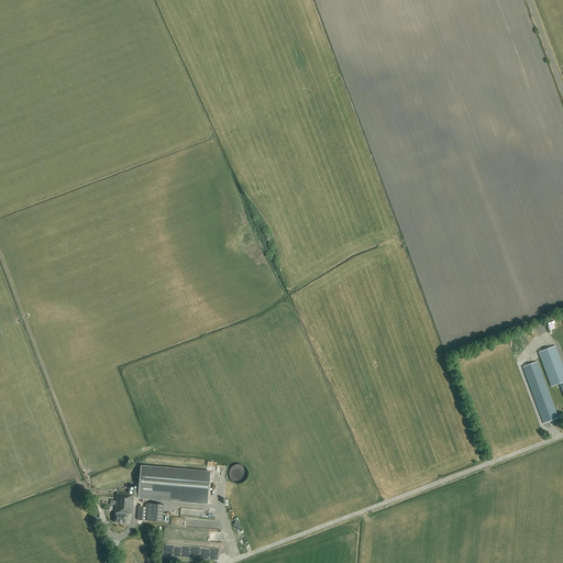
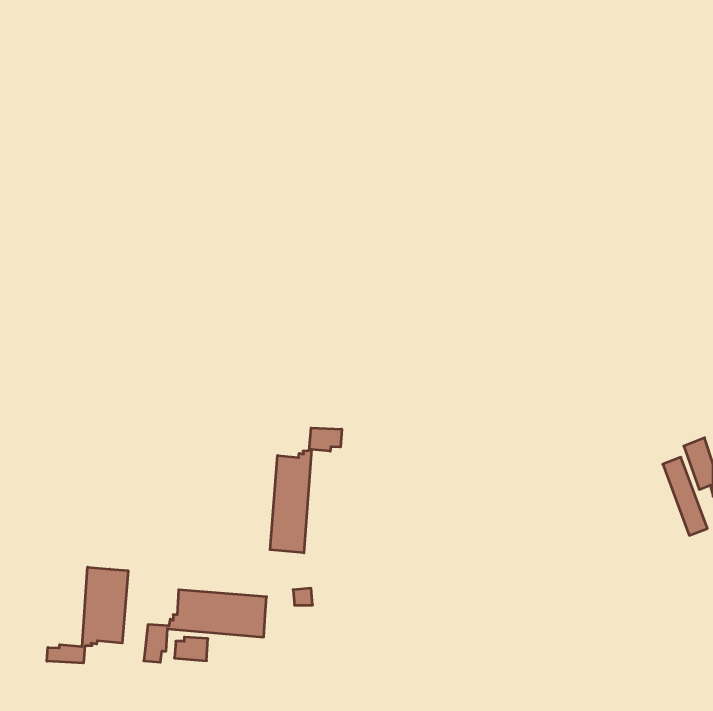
building: none -> [270,428,342,553]
building: none -> [47,567,128,663]

